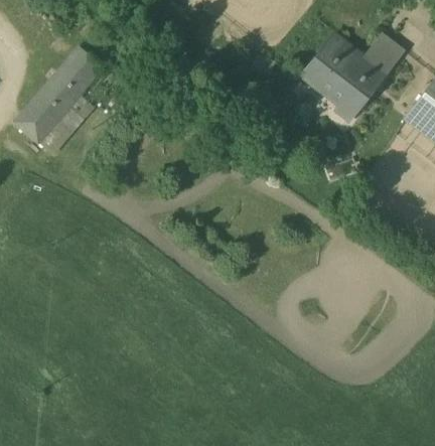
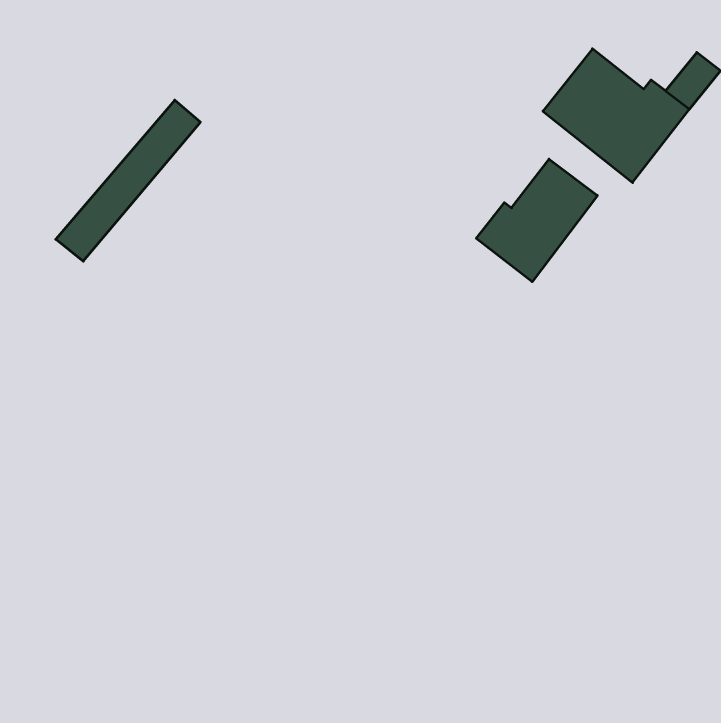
building: [15,45,103,141] -> none
building: none -> [476,159,597,282]

